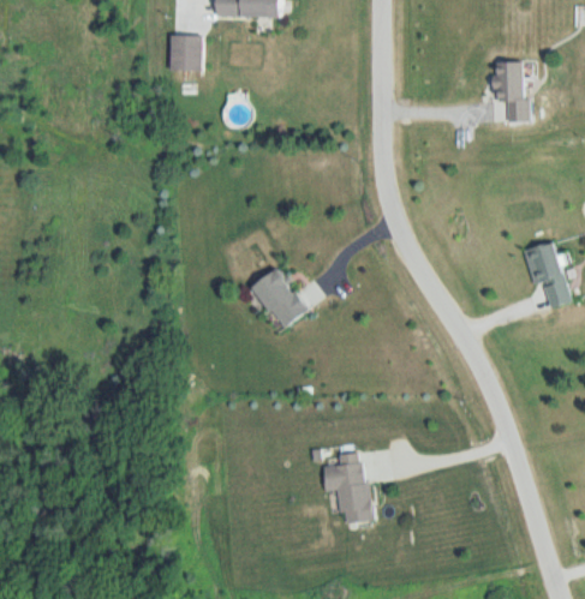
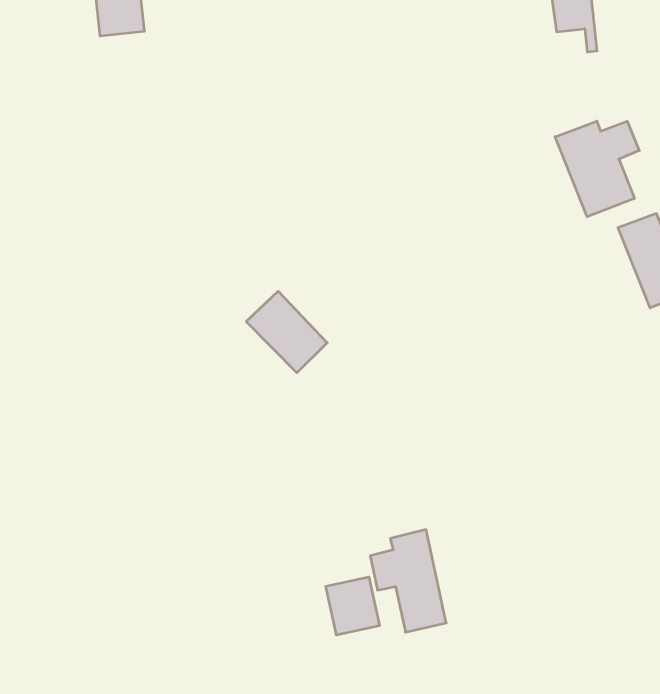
building: none -> [555,121,639,217]
building: none -> [326,577,379,635]

